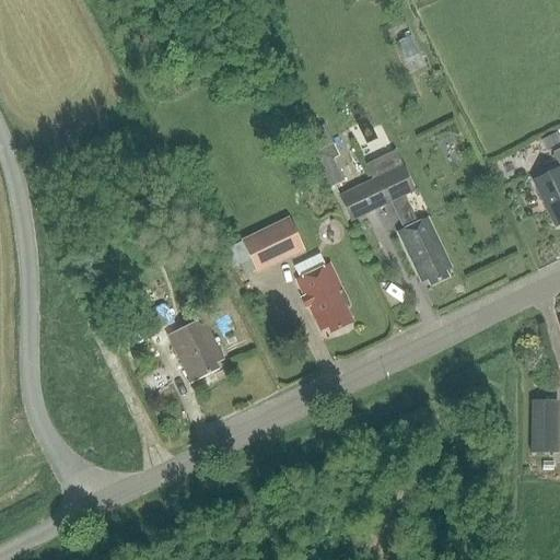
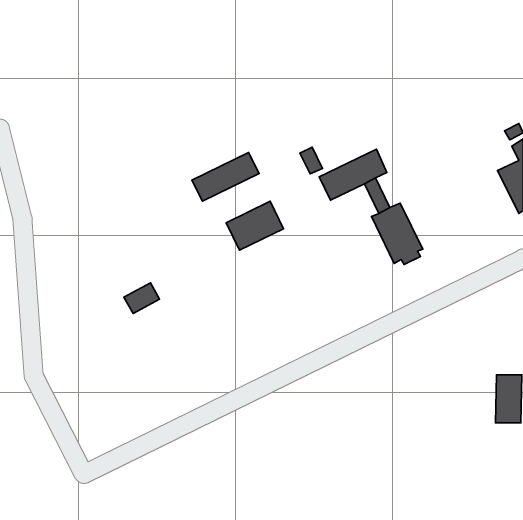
building: none -> [192,153,259,201]
building: [298,262,351,330] -> none
building: [167,317,226,378] -> none

